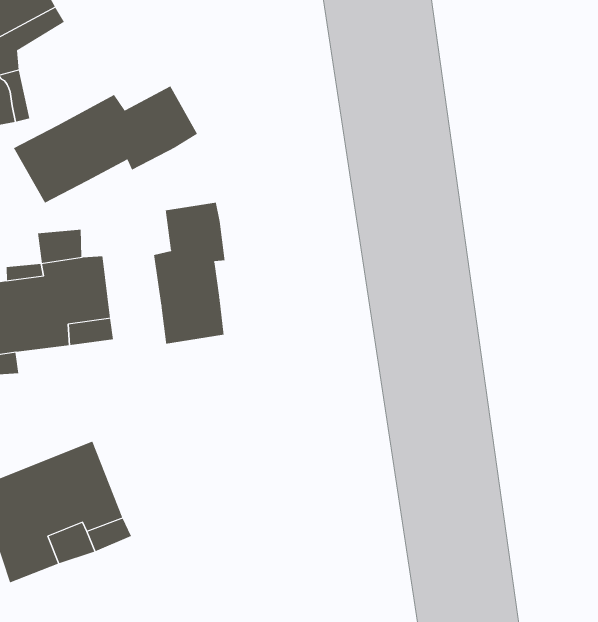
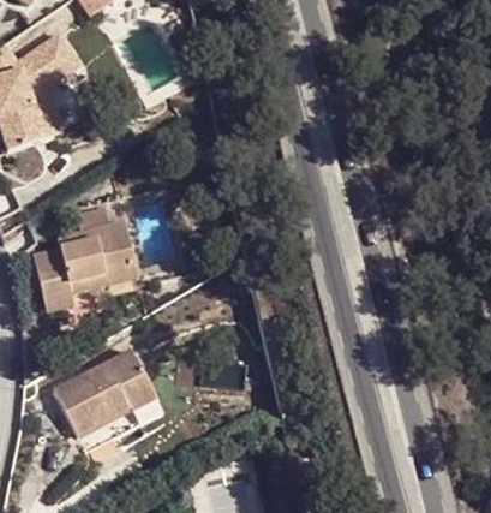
building: [13,86,198,203] -> none
building: [153,202,225,345] -> none

